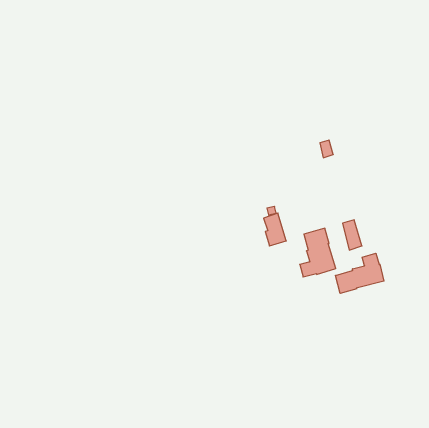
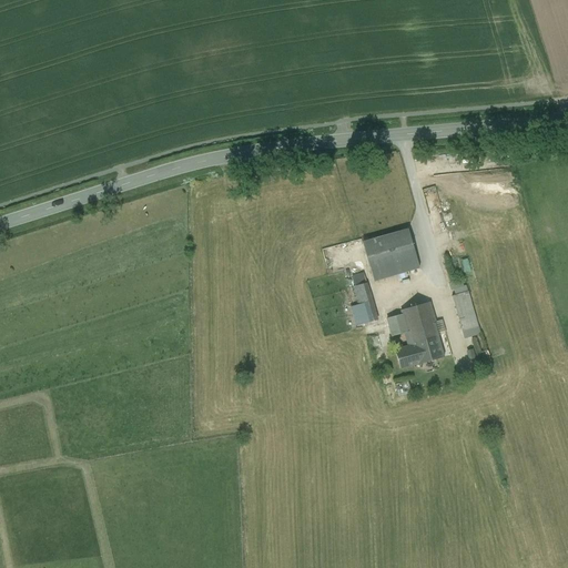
building: none -> [363,229,419,281]
building: [335,253,384,293] -> none

